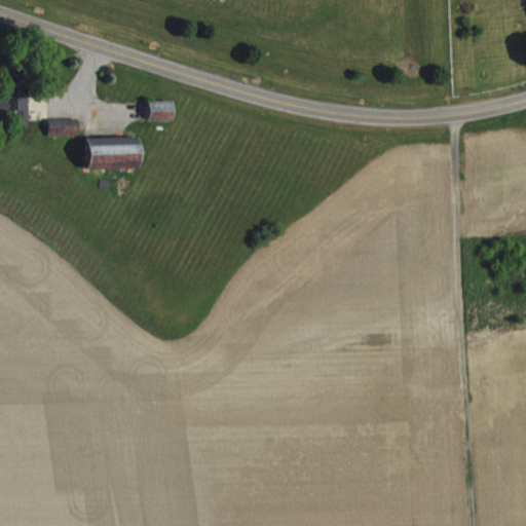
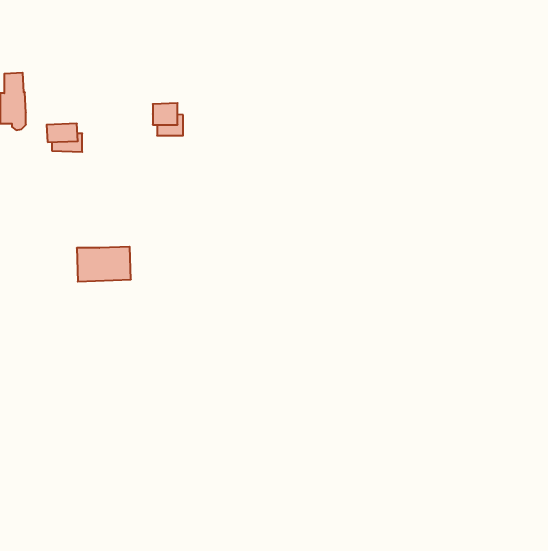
building: [87,138,139,171] -> [77,247,131,282]

